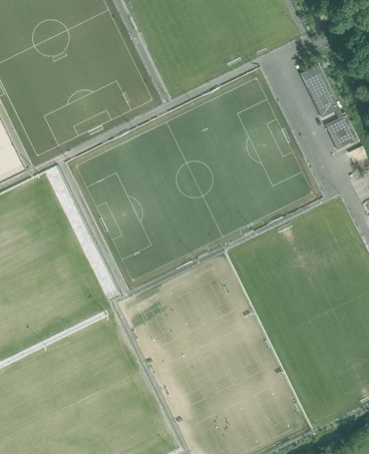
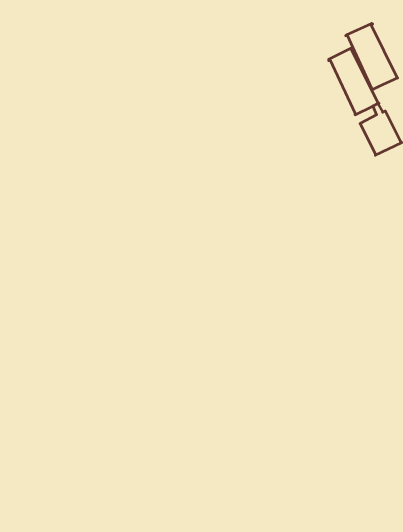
building: none -> [346,23,398,90]

